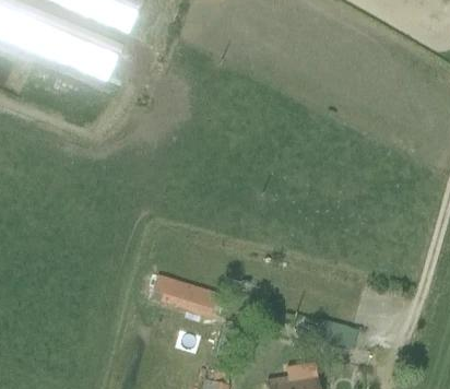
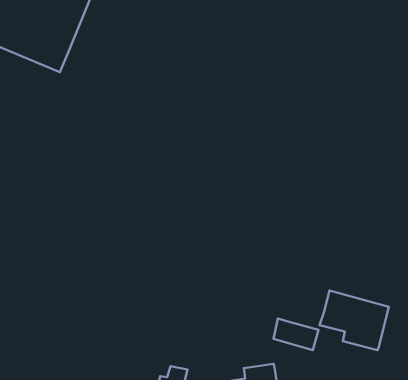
building: [146,272,214,317] -> none
building: none -> [320,290,389,350]

